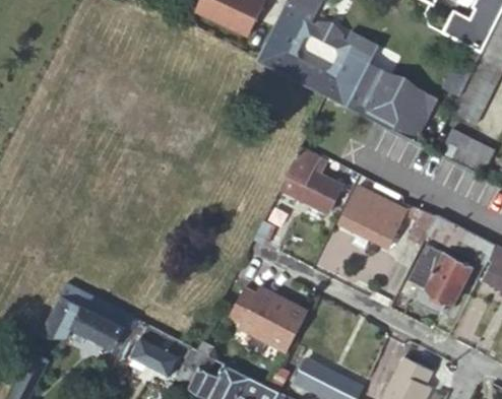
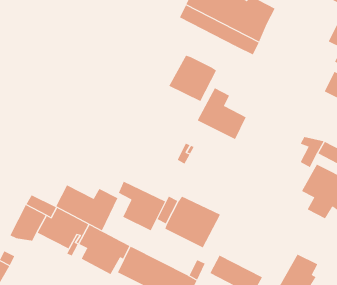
building: [350,67,438,142] -> none
building: none -> [169,55,217,102]
building: [341,187,409,250] -> none
building: none -> [118,181,166,231]
building: none -> [55,184,118,231]

